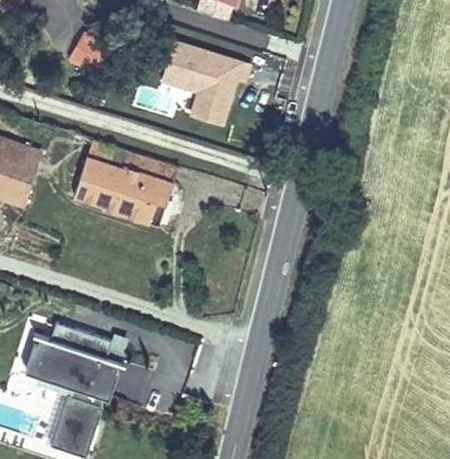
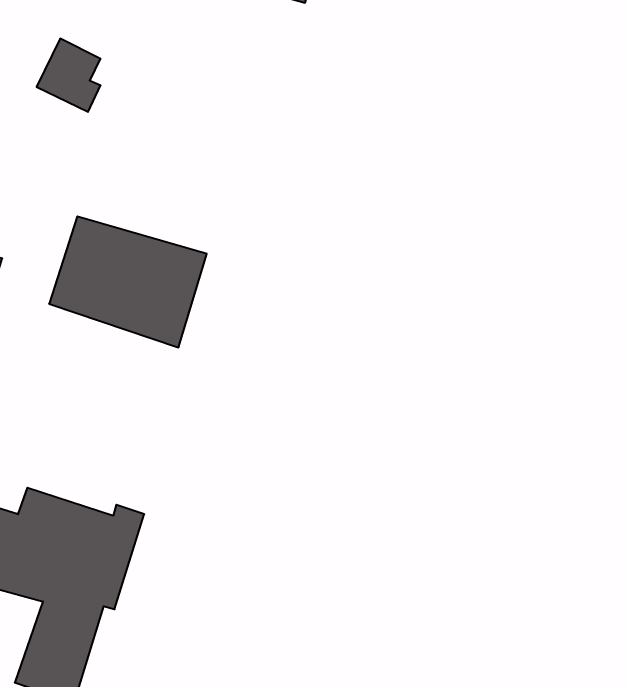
building: [151,31,251,127] -> none

